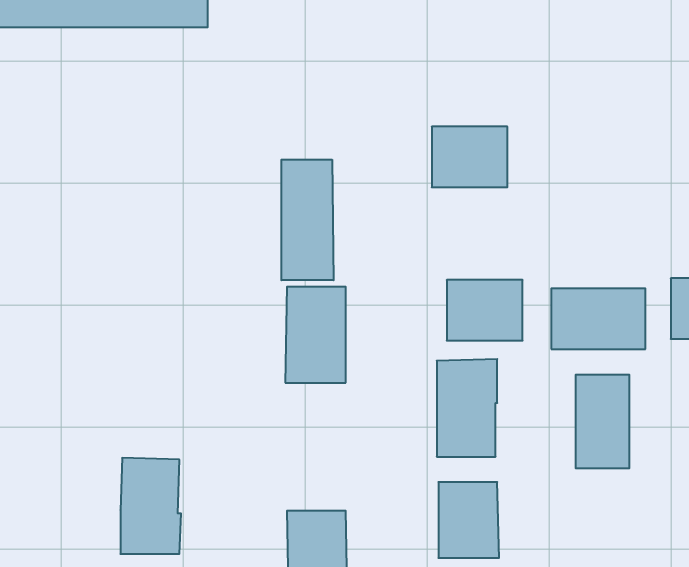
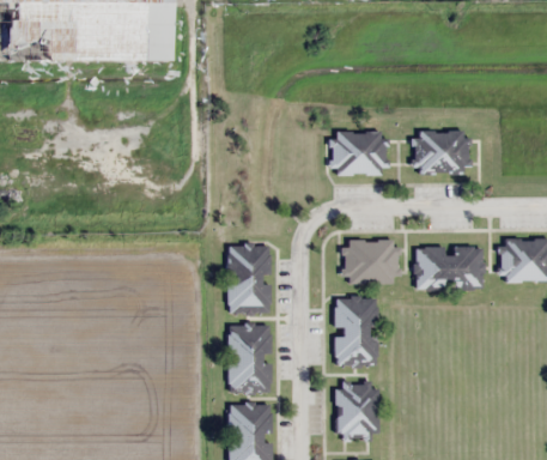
building: none -> [417,129,469,174]
building: [281,160,334,280] -> none
building: [576,375,629,468] -> none
building: [120,458,181,554] -> [230,323,273,392]

